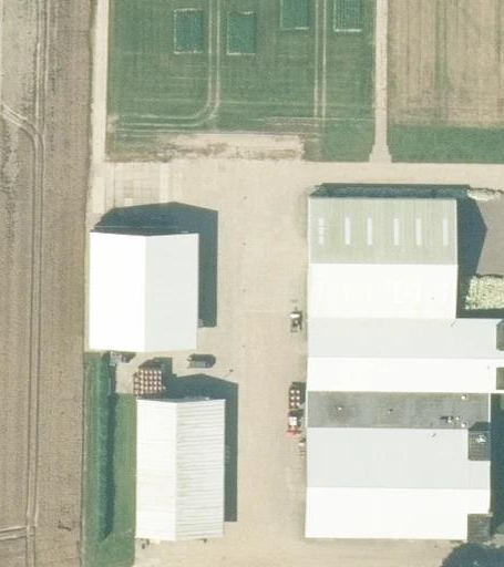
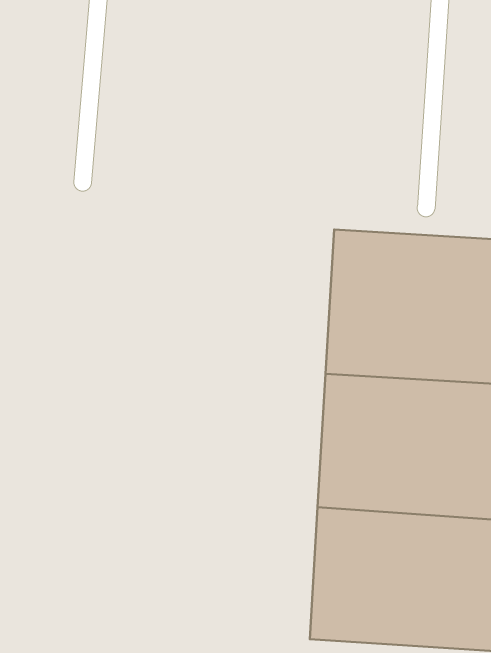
building: [89,230,198,346] -> none
building: [136,402,224,542] -> none

